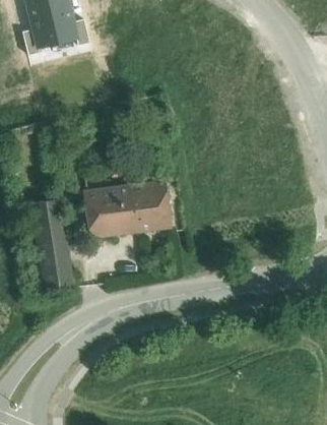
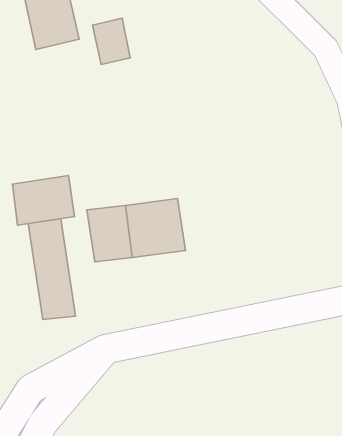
building: none -> [92,18,130,64]
building: none -> [13,176,75,225]

